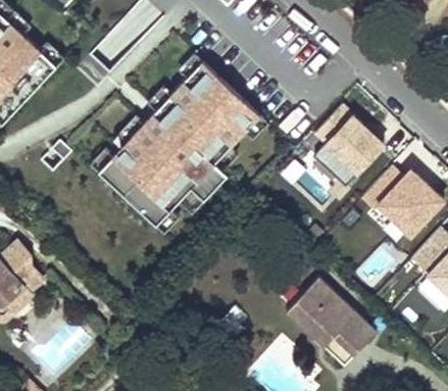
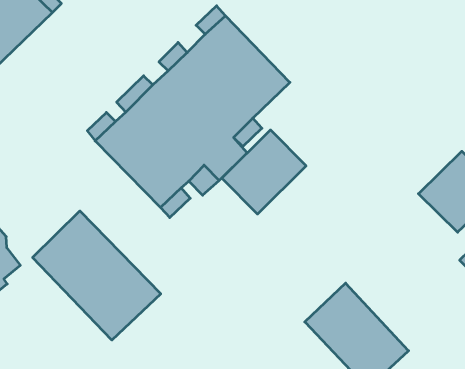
building: [310,113,381,185] -> [222,130,306,214]
building: none -> [33,211,161,340]

